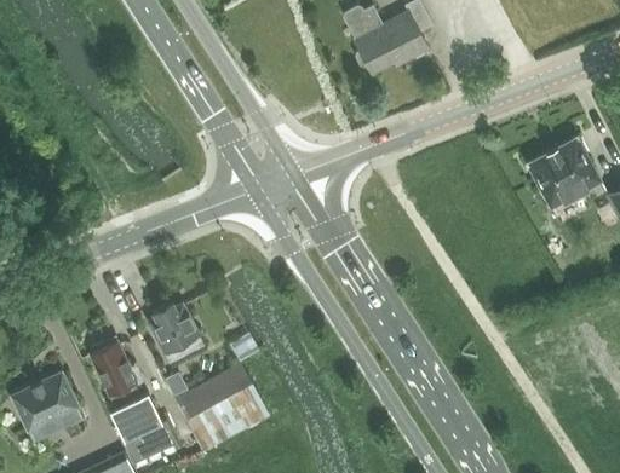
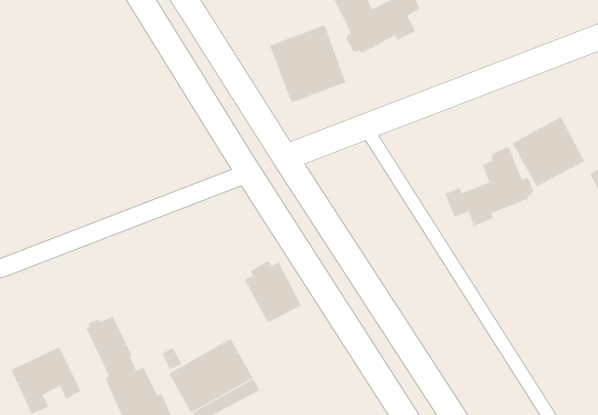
building: none -> [269,25,346,103]
building: none -> [445,147,533,227]
building: [147,301,206,365] -> [244,261,302,323]

